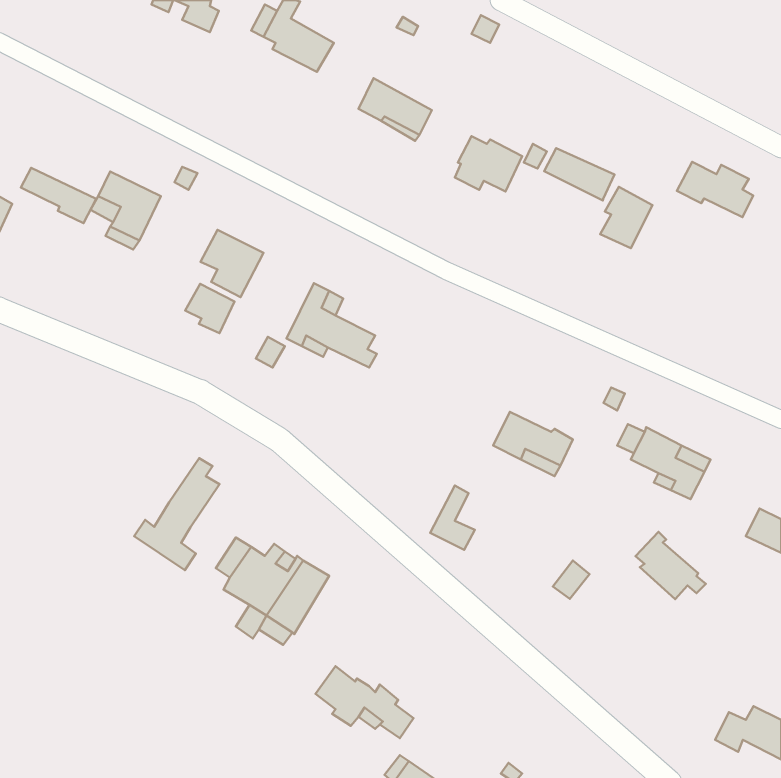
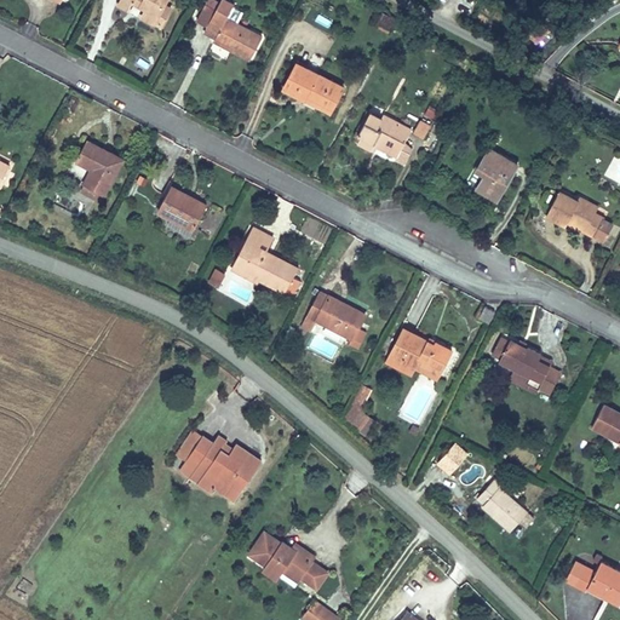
building: [544,148,614,201] -> none
building: [677,162,753,217] -> [544,194,604,237]
building: [21,168,96,223] -> none
building: [185,284,235,333] -> none
building: none -> [303,297,364,343]
building: [134,458,219,570] -> none
building: [635,532,706,599] -> [475,480,530,533]

